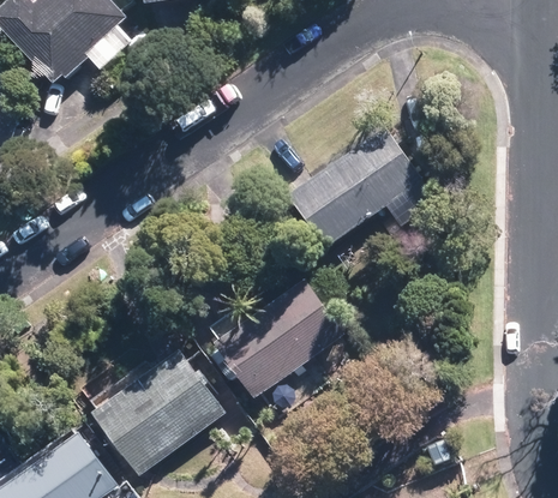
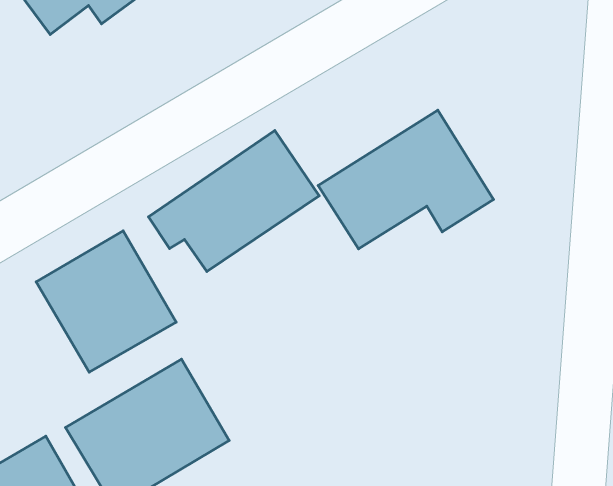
building: none -> [36,231,176,372]
building: [200,276,341,397] -> [149,130,319,271]

